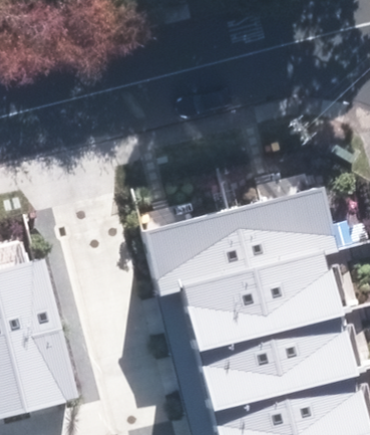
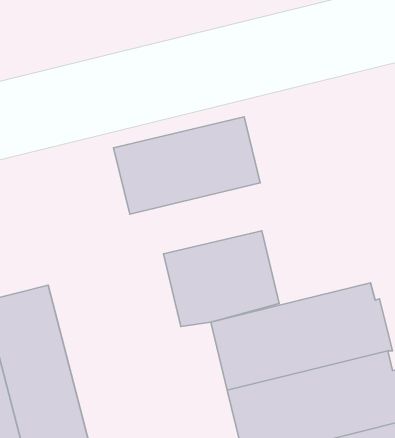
building: none -> [114,117,260,214]
building: [229,189,336,273] -> none

